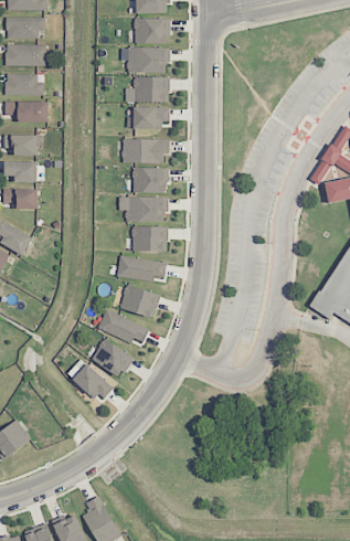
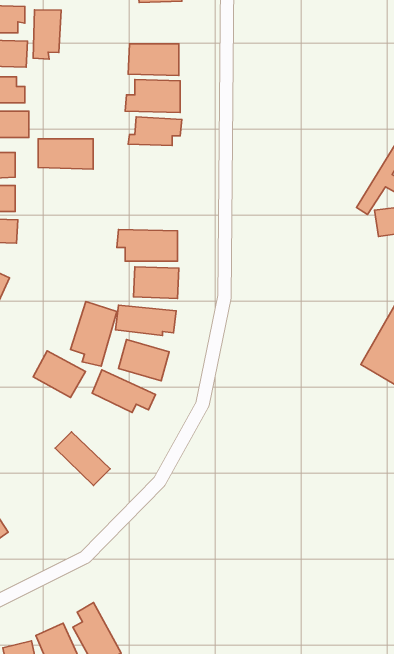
building: [135,18,169,44] -> none
building: none -> [33,10,61,59]
building: [123,139,167,163] -> [38,139,93,169]
building: [132,168,168,193] -> none
building: none -> [70,302,117,366]
building: [92,339,134,376] -> [33,351,86,398]

